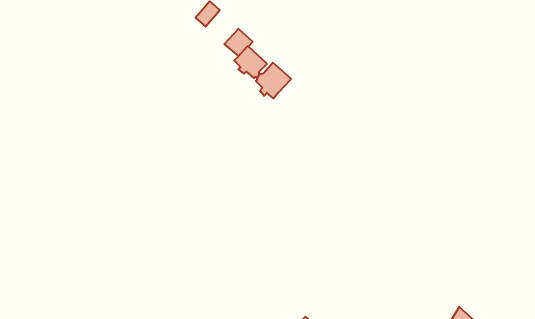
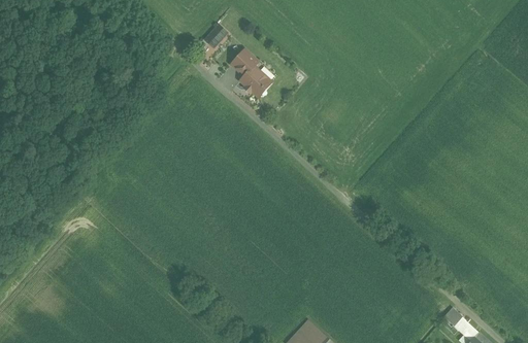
building: [256,63,291,98] -> none

